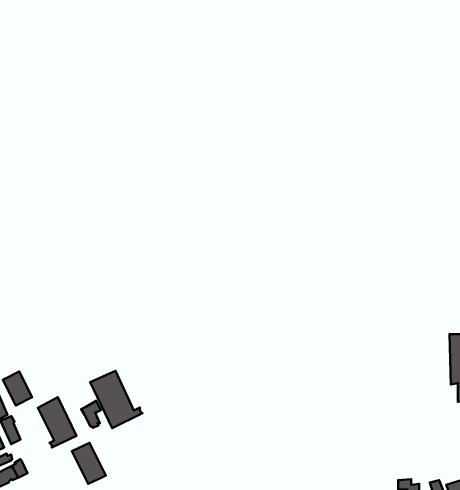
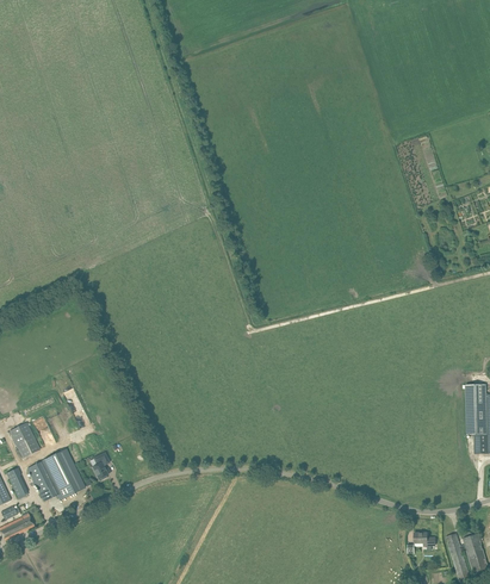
building: [90,371,142,428] -> none
building: [72,443,106,484] -> [27,459,62,501]

